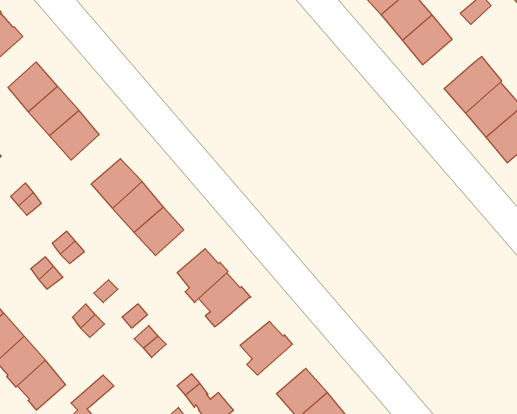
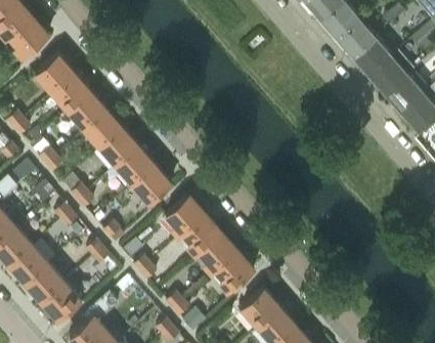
building: none -> [352,37,391,75]
building: none -> [84,110,122,147]
building: none -> [198,233,236,274]

